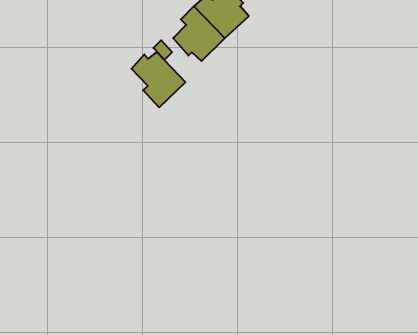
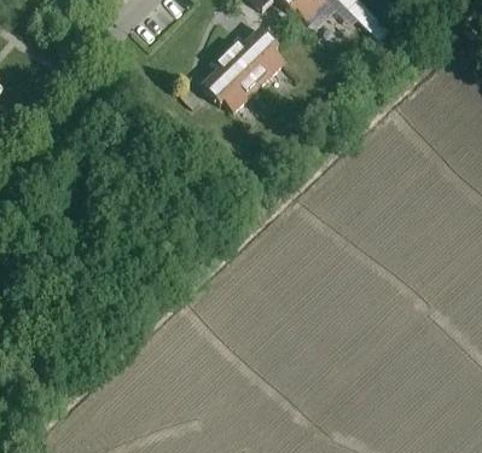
building: [131,52,185,107] -> none

